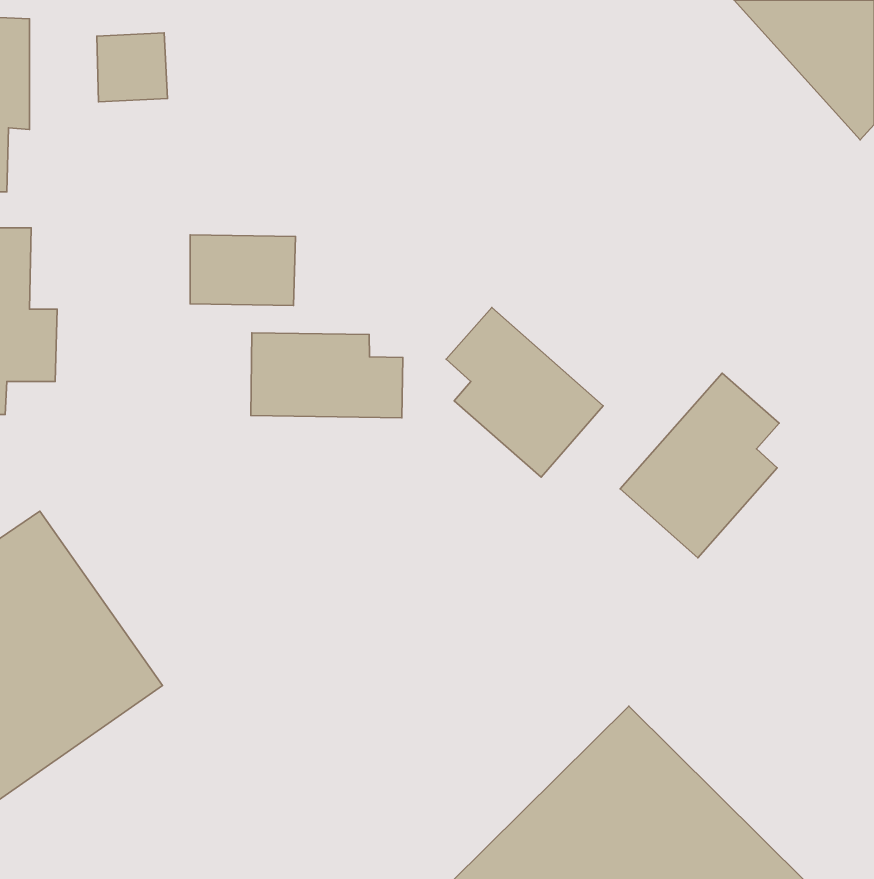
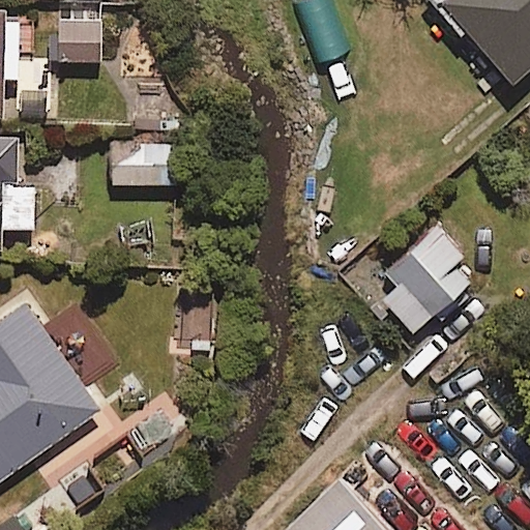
building: [446,308,603,477] -> none
building: [251,333,403,418] -> none

